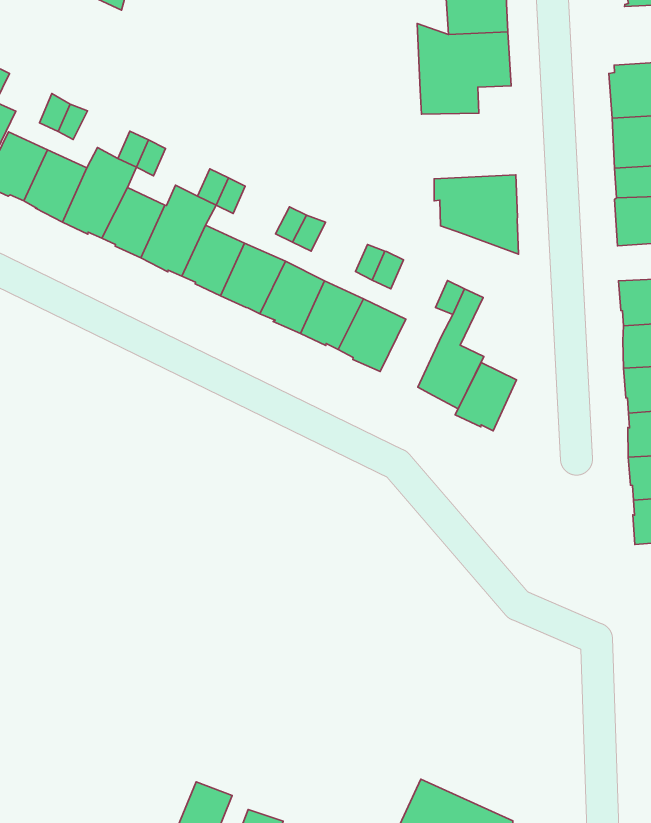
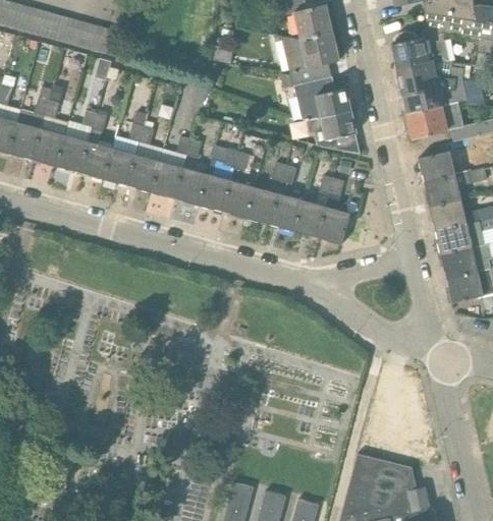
building: none -> [292,79,350,121]
building: [455,362,517,431] -> [294,200,325,237]

